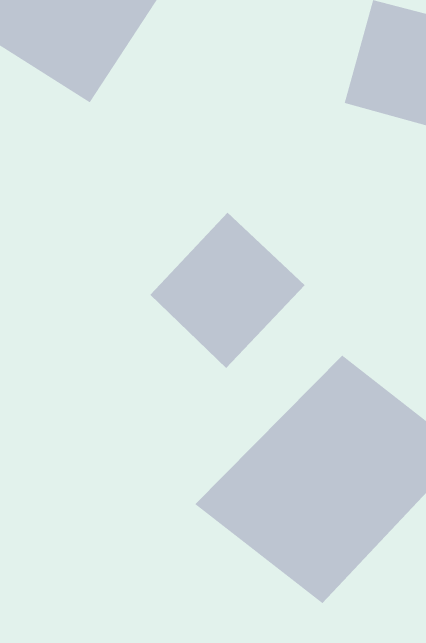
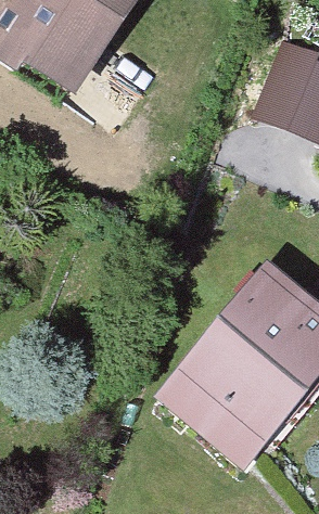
building: [149,212,305,369] -> none

